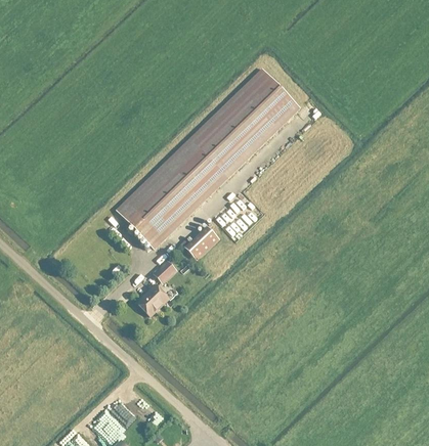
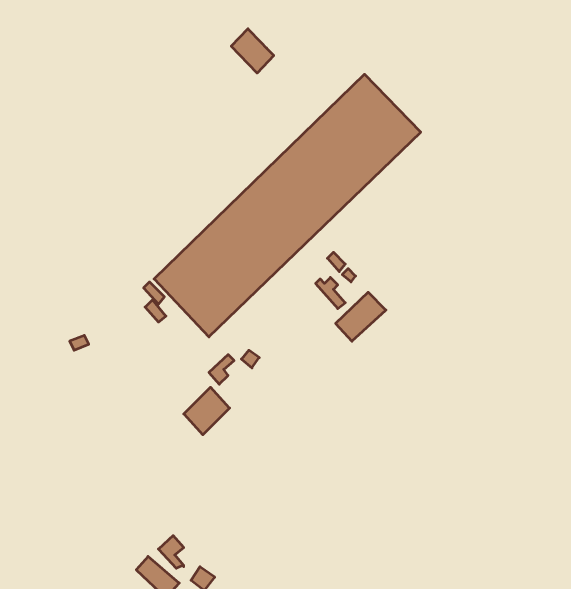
building: none -> [231,29,274,73]
building: [184,226,219,260] -> [336,292,386,341]

